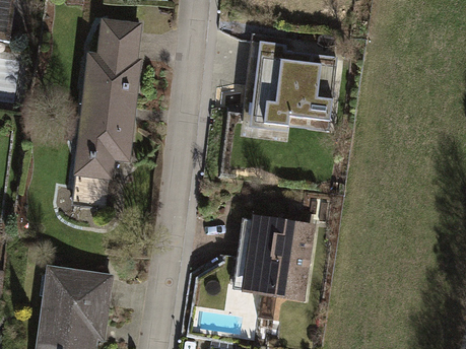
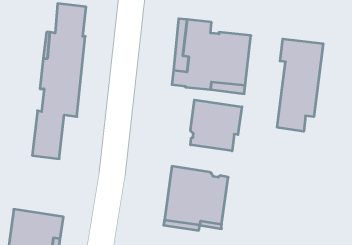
building: none -> [277,39,323,131]
building: none -> [191,100,242,151]

